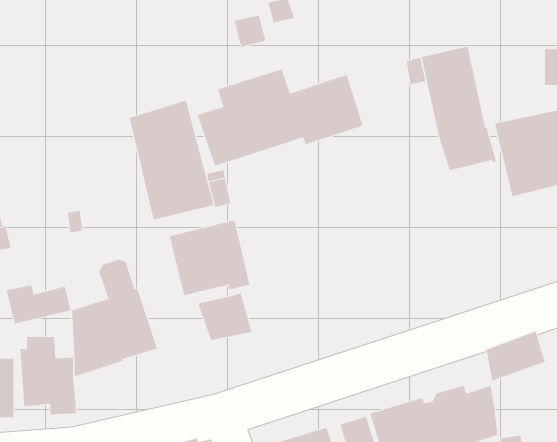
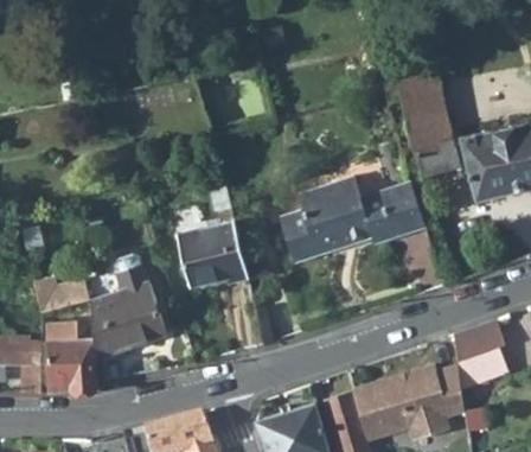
building: [197,69,364,166] -> [280,177,426,262]
building: [129,100,214,221] -> none
building: [198,293,252,341] -> none
building: none -> [459,348,508,388]

